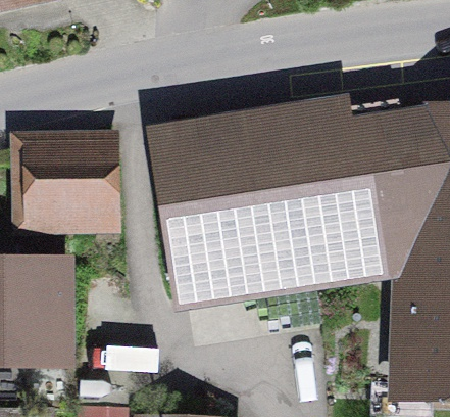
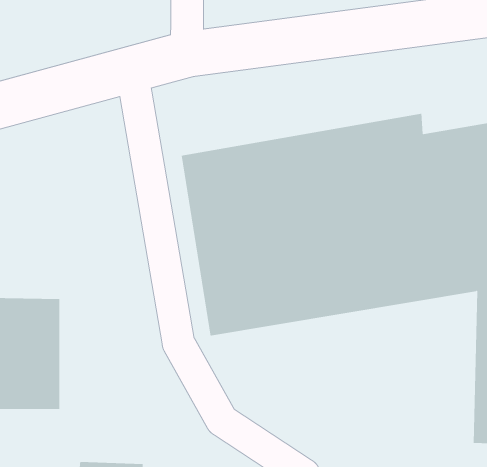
building: [22,133,106,217] -> none

